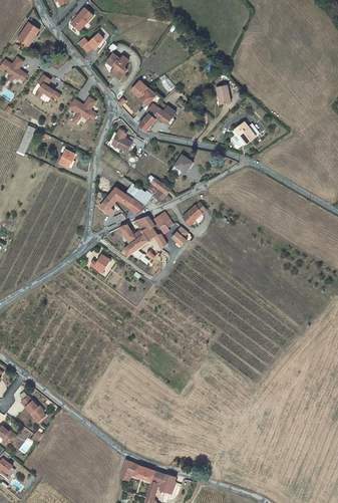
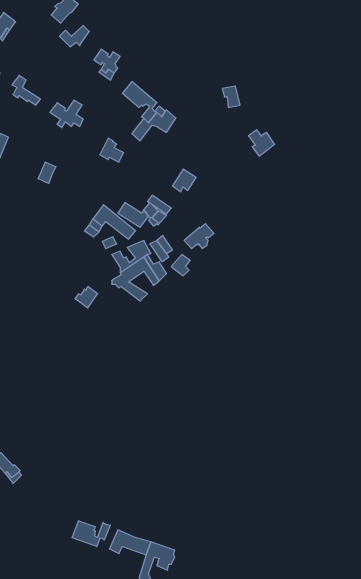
building: none -> [72,521,110,547]

